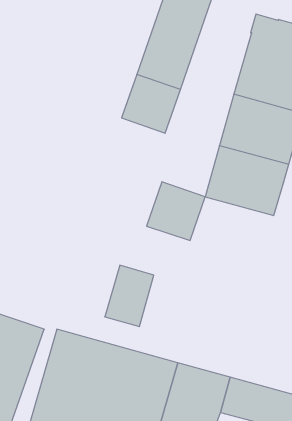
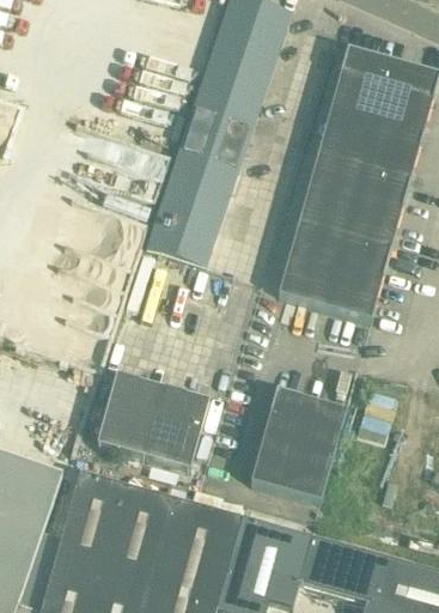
building: [147,182,205,240] -> [145,189,224,268]
building: none -> [96,375,163,457]
building: none -> [250,390,346,503]

